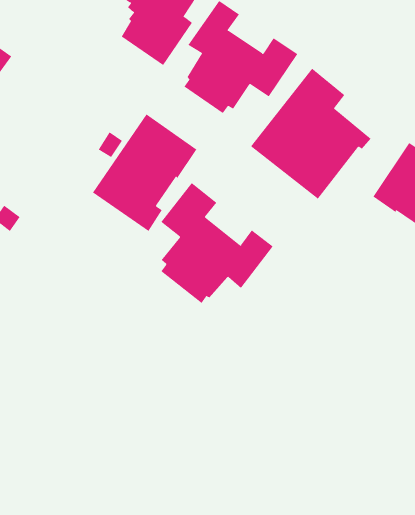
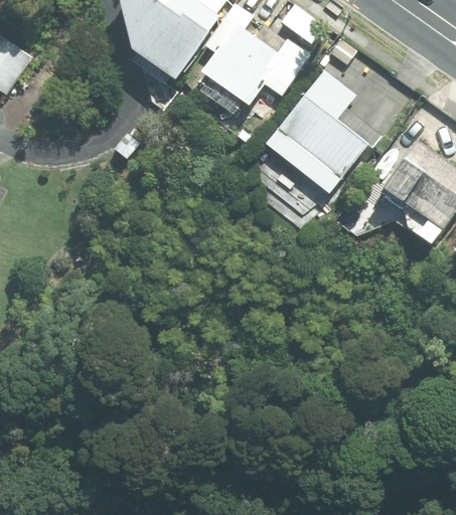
building: [92,113,197,232] -> none
building: [160,182,274,304] -> none

